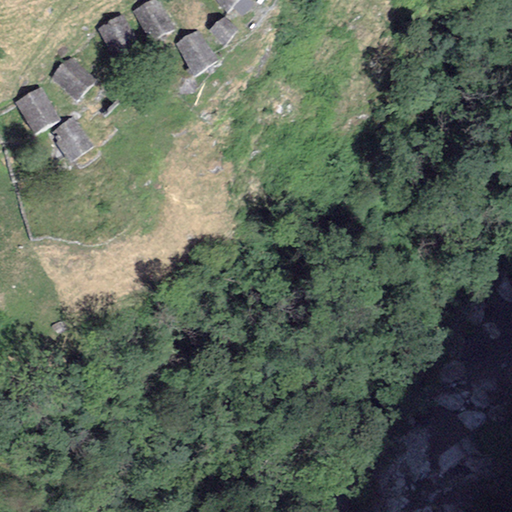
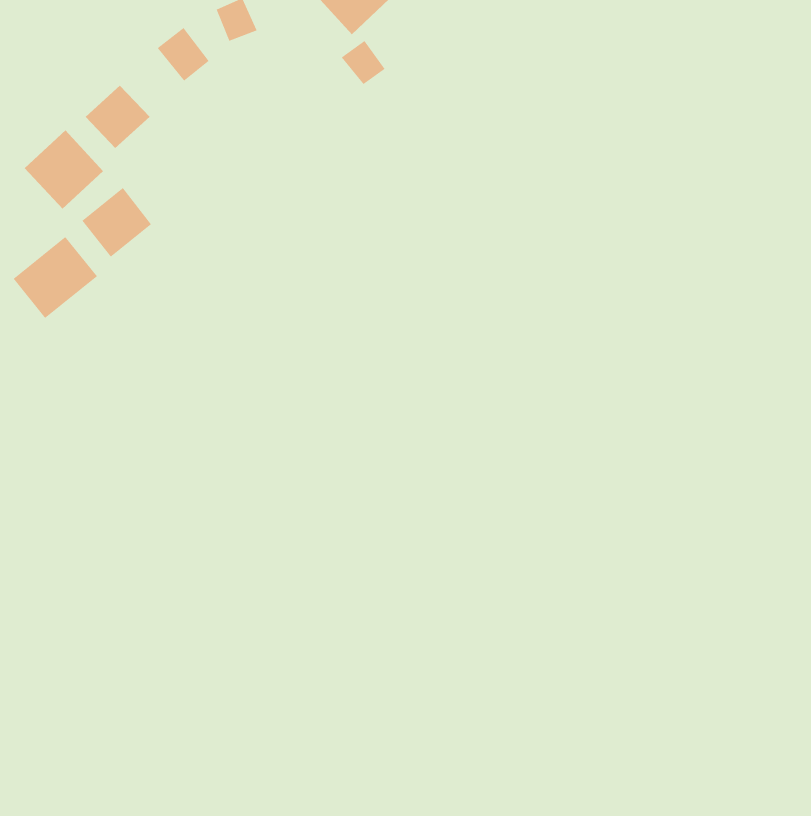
building: [170,31,218,80] -> none
building: none -> [13,236,98,319]

